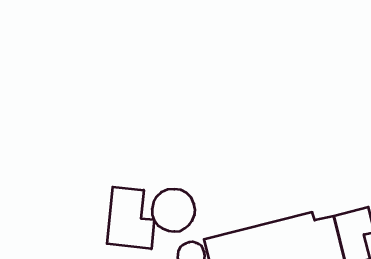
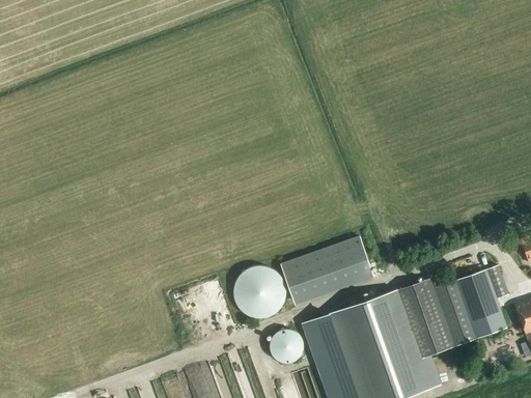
building: none -> [281,235,375,307]
building: [107,187,154,249] -> none

